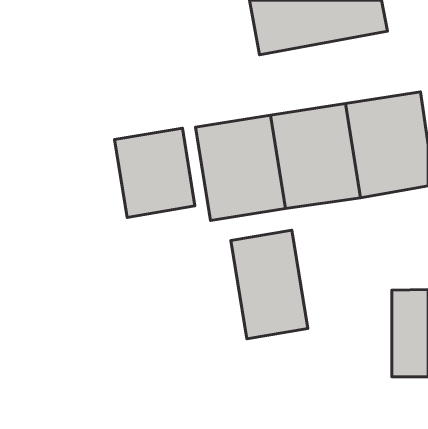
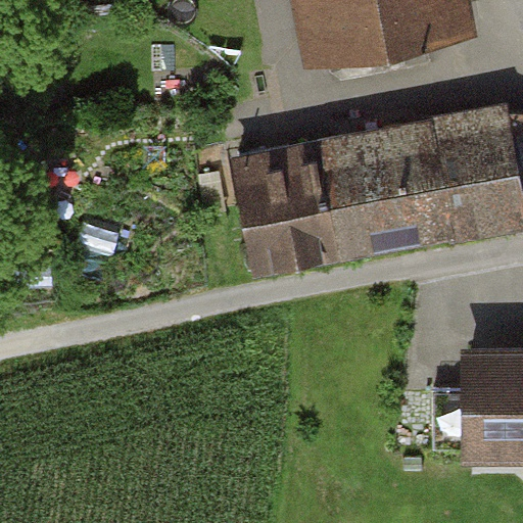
building: [115,128,195,218] -> none
building: [231,230,308,339] -> none

